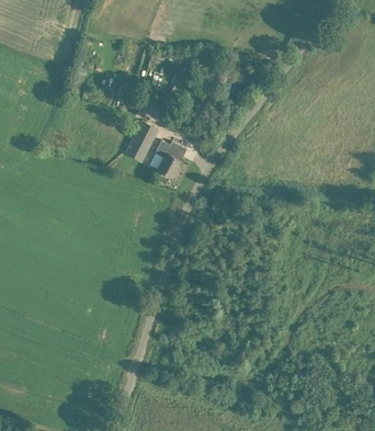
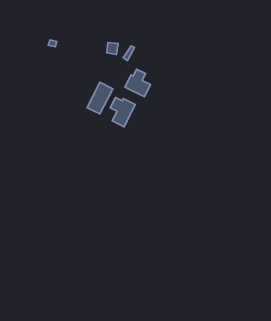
building: none -> [125,69,151,97]

